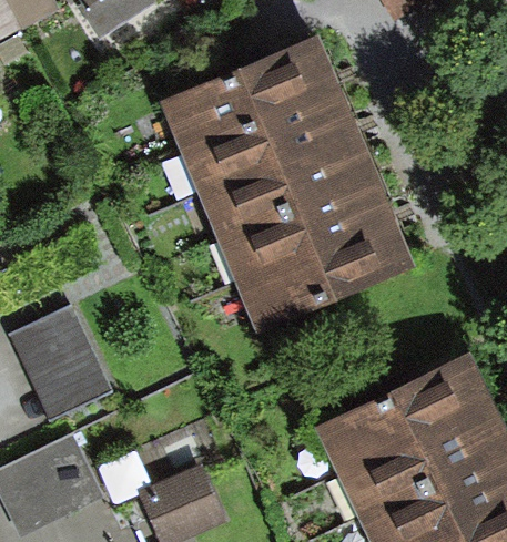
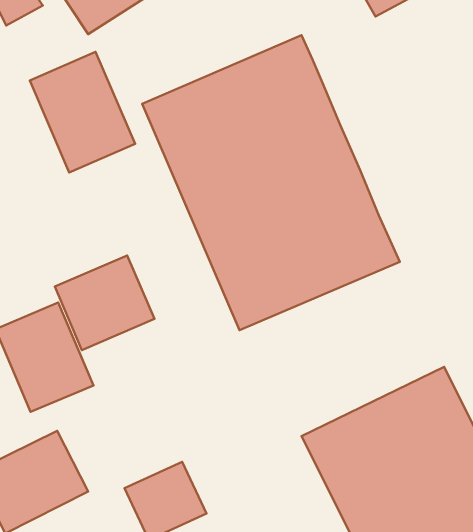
building: none -> [30,52,135,173]
building: none -> [55,255,154,350]

